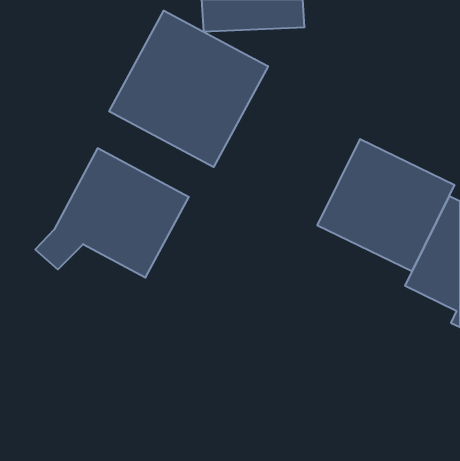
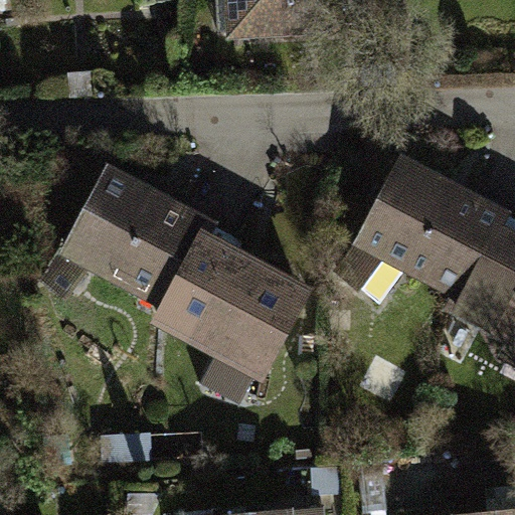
building: [109,11,268,167] -> none
building: none -> [155,232,306,391]

